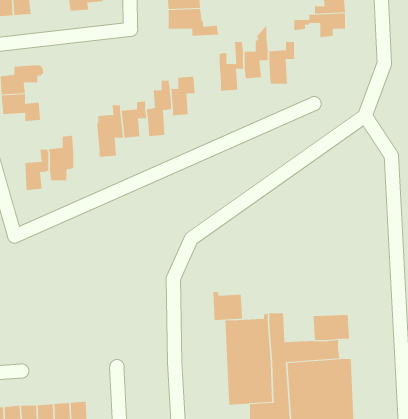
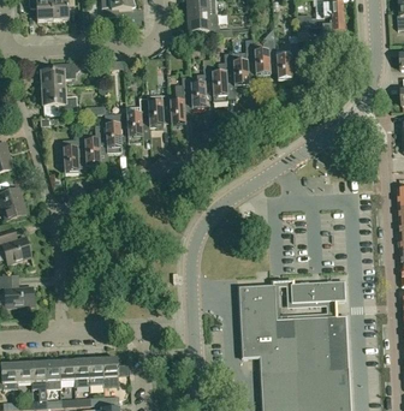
building: none -> [210,50,233,100]
building: none -> [105,112,127,151]
building: [213,291,243,320] -> [289,278,315,303]

